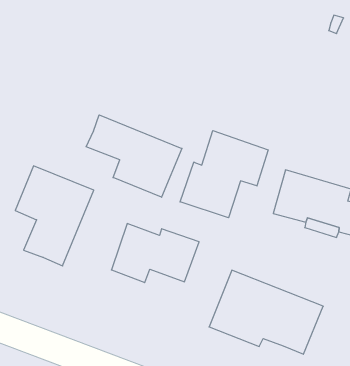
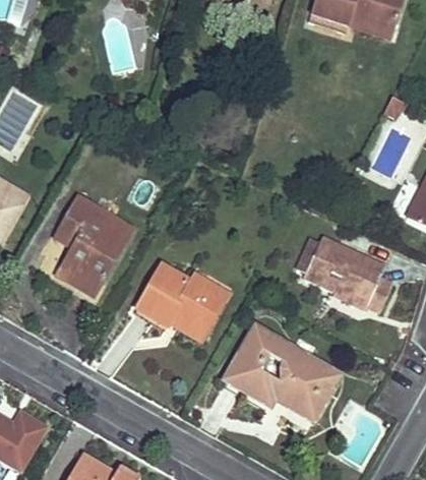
building: [86,115,182,197] -> none
building: [180,131,268,218] -> none

